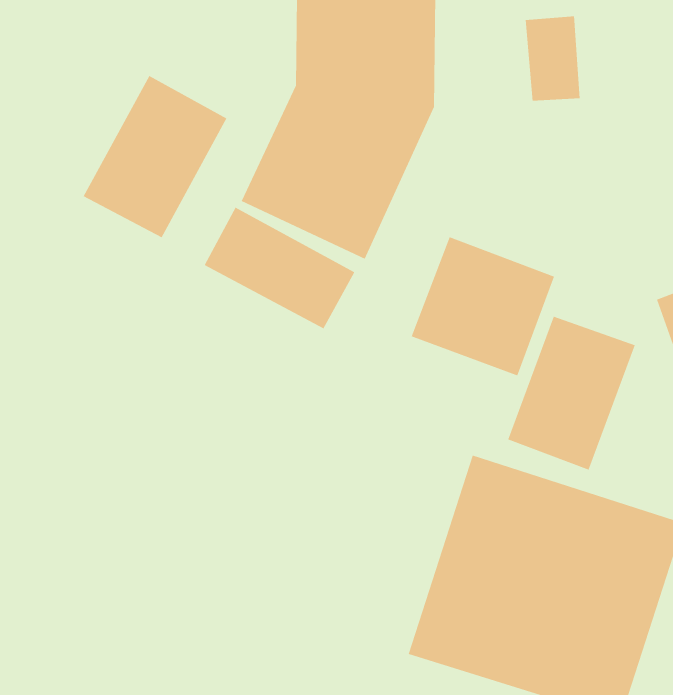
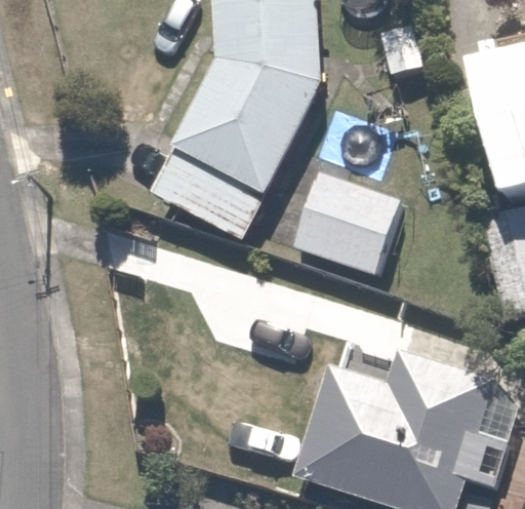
building: [83,75,227,238] -> none
building: [508,316,636,470] -> none

